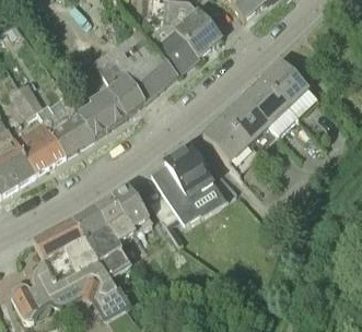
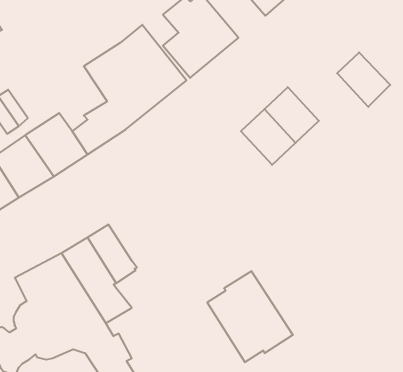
building: [264,61,308,107] -> [337,52,390,107]
building: [203,116,250,163] -> none
building: [152,146,224,223] -> [207,271,293,362]
building: [113,185,152,230] -> none

